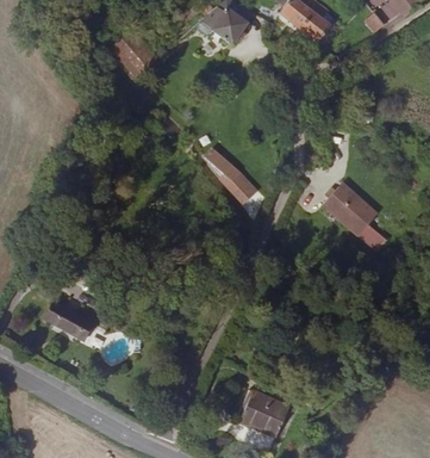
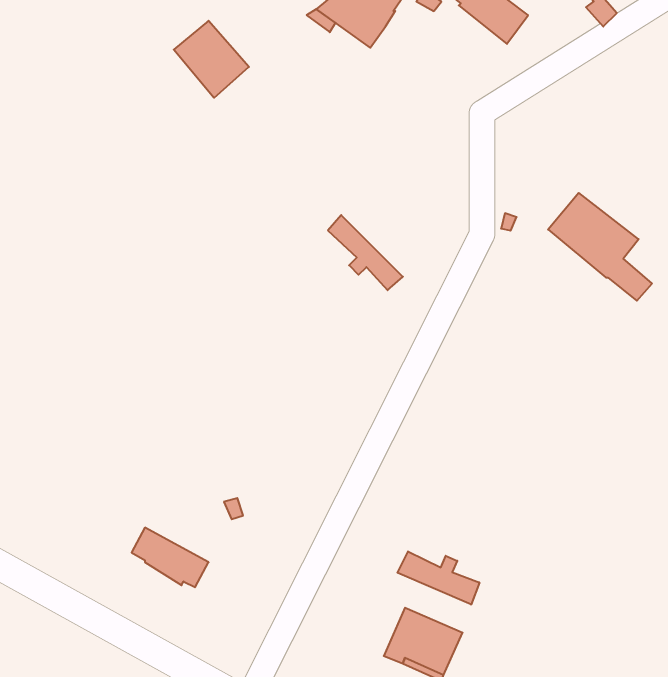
building: [322,185,386,252] -> [548,193,652,301]
building: [46,298,94,335] -> [132,528,209,587]
building: none -> [397,551,479,605]

